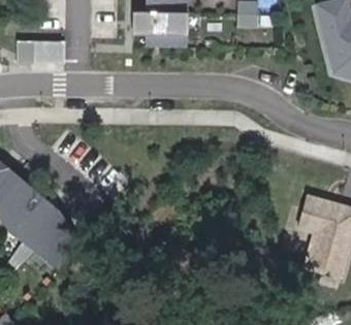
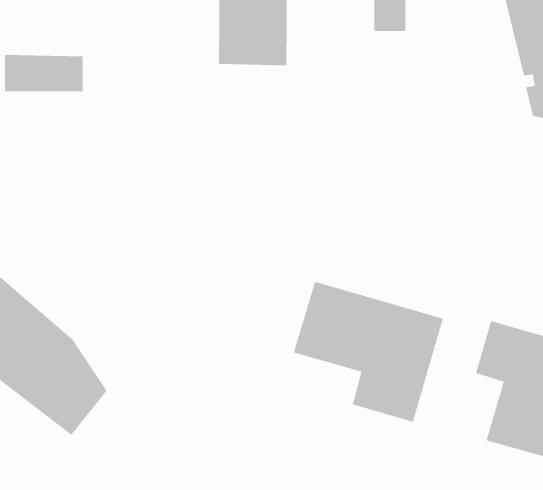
building: none -> [293,281,444,423]

